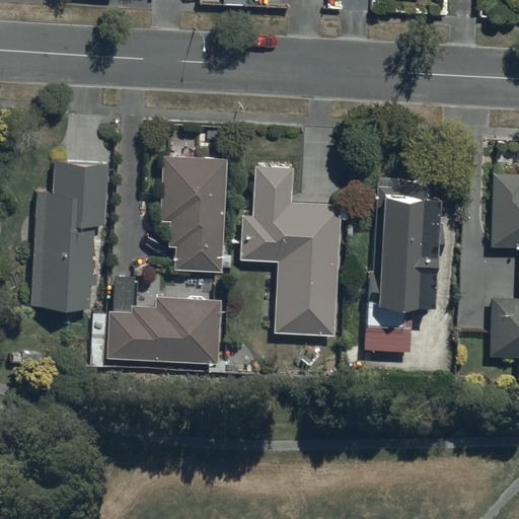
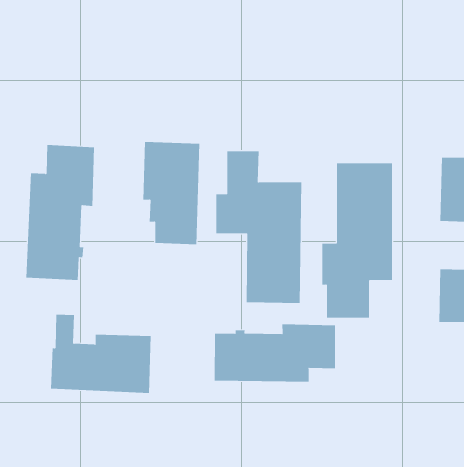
building: [107,275,220,363] -> [50,314,152,394]
building: none -> [214,324,336,383]

